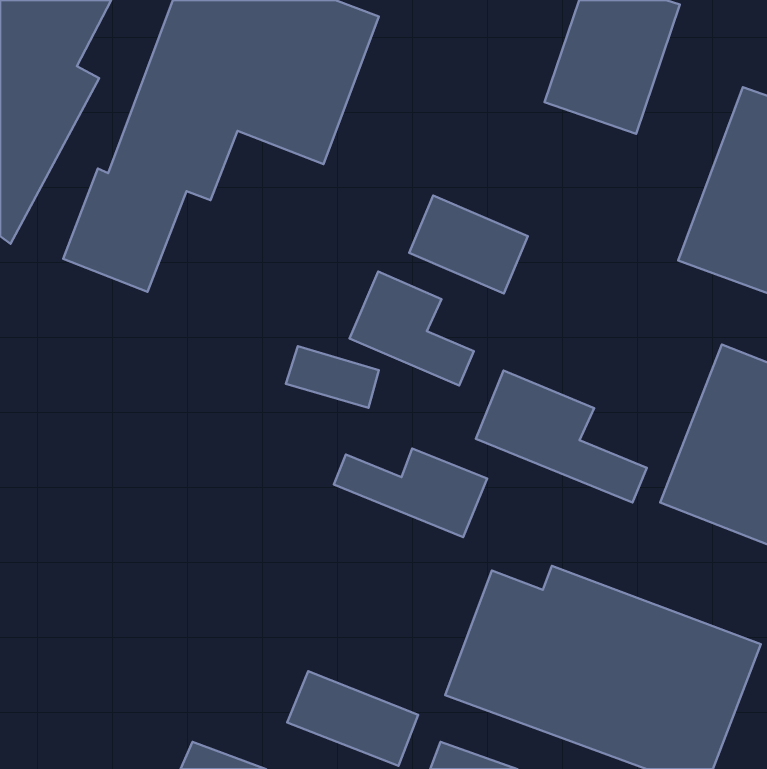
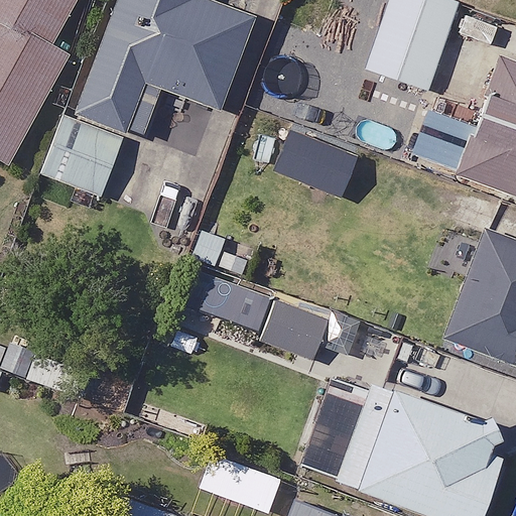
building: [350,271,474,386] -> none
building: [476,371,647,503] -> none

